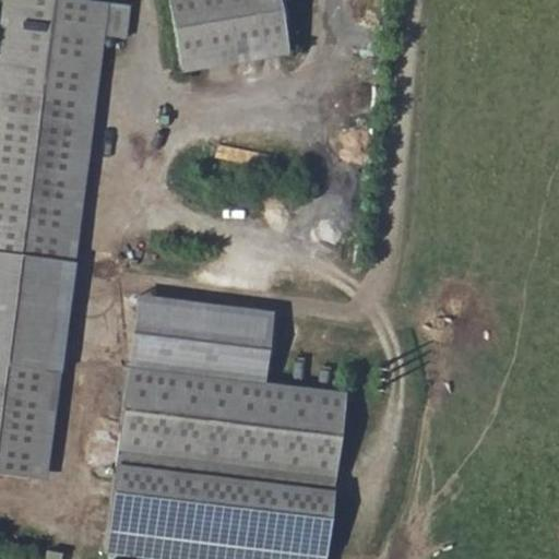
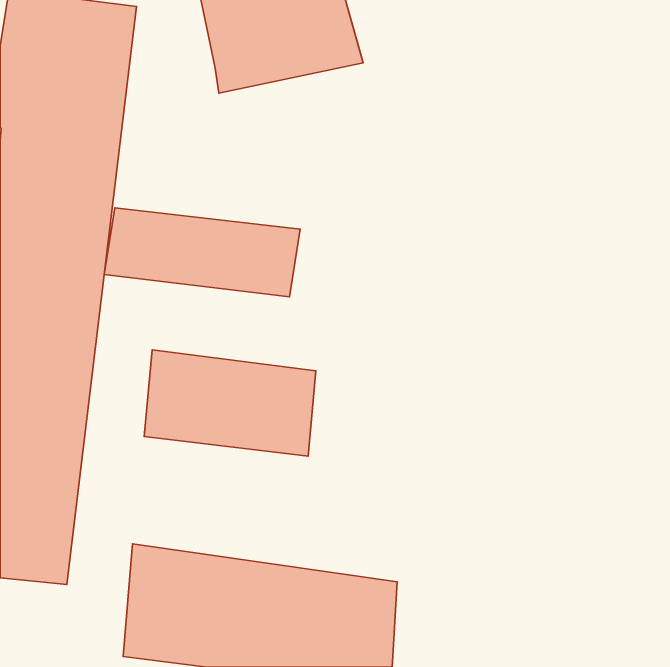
building: none -> [104,208,300,297]
building: [110,364,340,485] -> none

